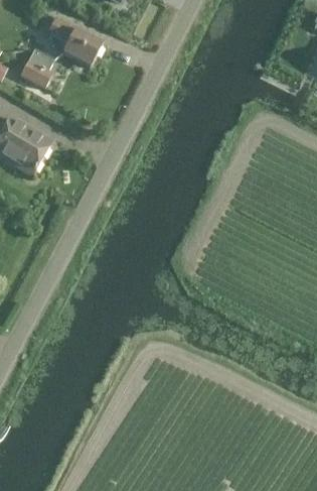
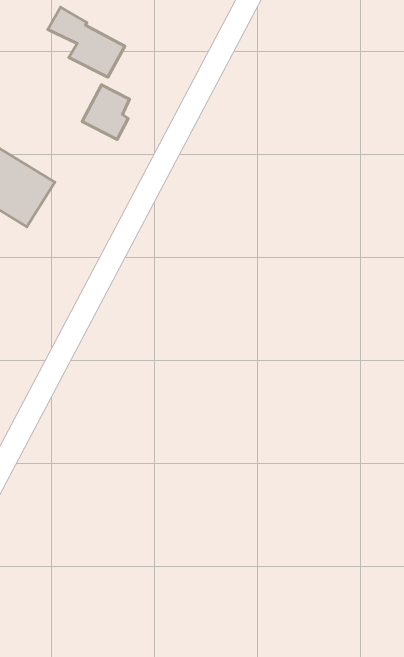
building: [19,48,53,88] -> [82,85,130,140]

